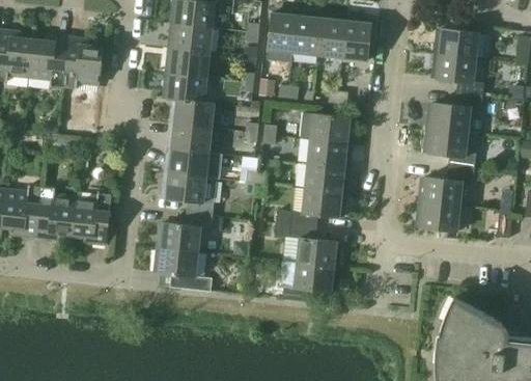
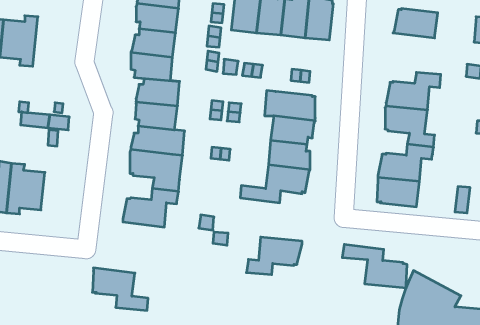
building: [63,36,103,89] -> none
building: [432,53,483,96] -> none
building: [72,192,112,245] -> none
building: [274,222,340,267] -> [342,244,407,288]
building: [155,247,212,291] -> [92,268,148,310]

